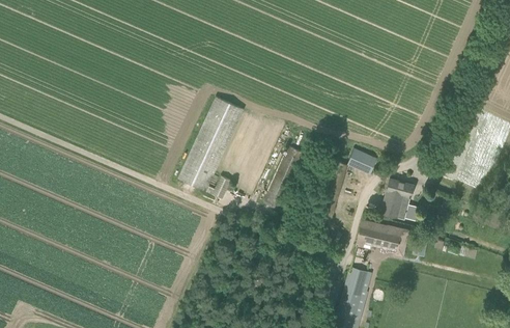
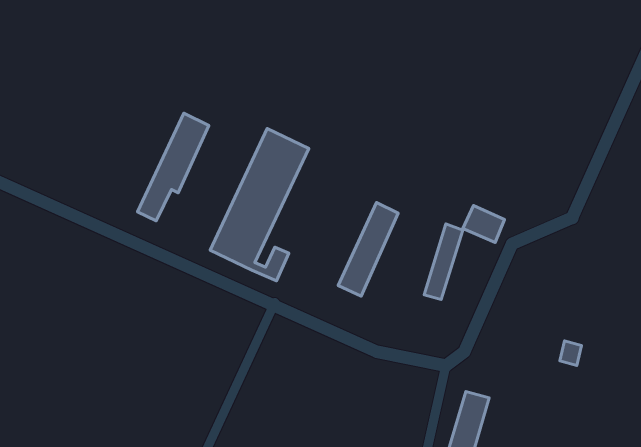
building: none -> [138,113,209,221]
building: [381,177,415,219] -> none
building: [357,220,409,257] -> none

